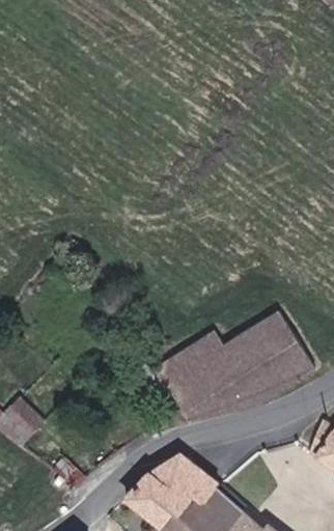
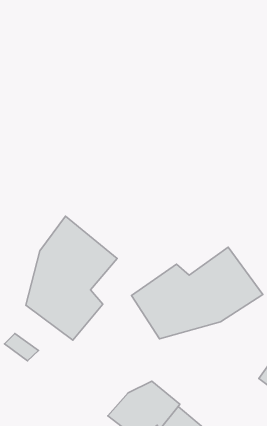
building: none -> [26,216,117,340]

